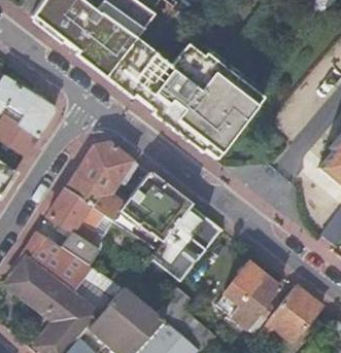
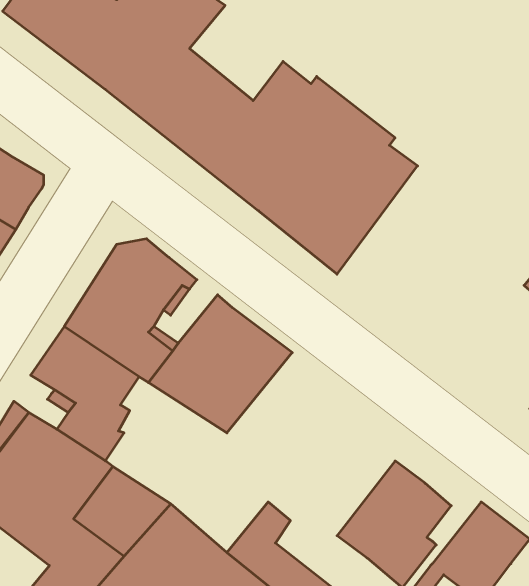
building: [152,204,223,278] -> none

